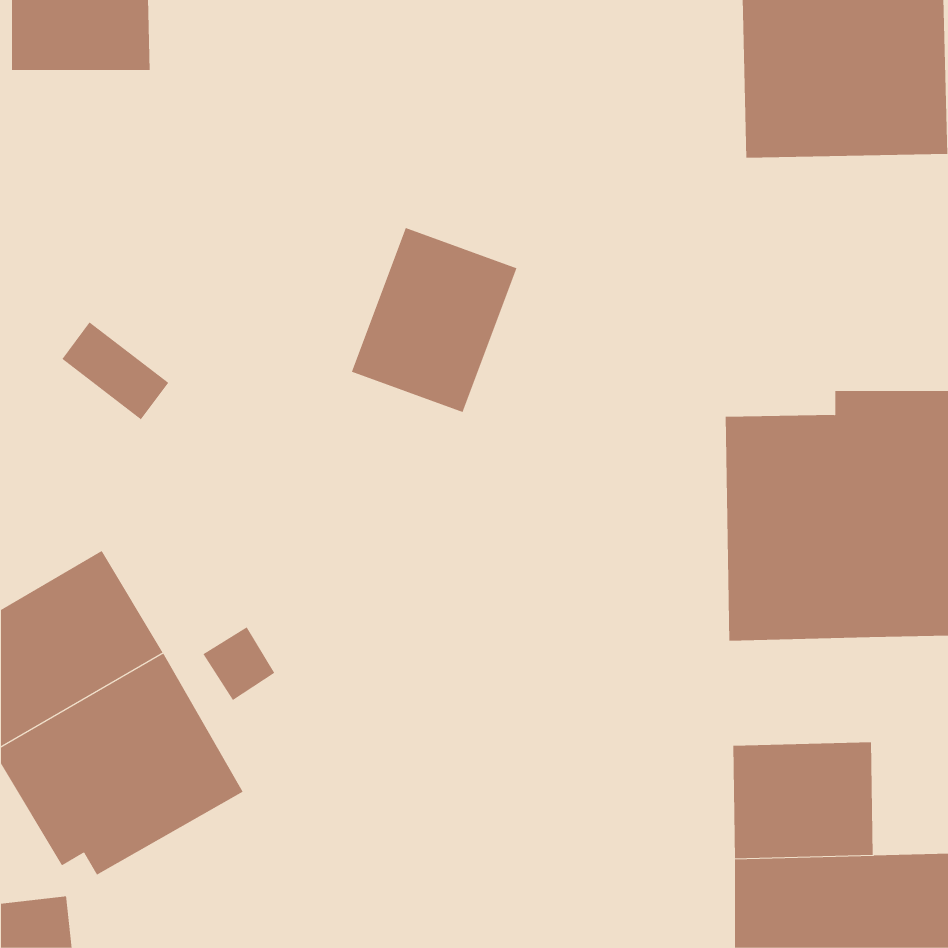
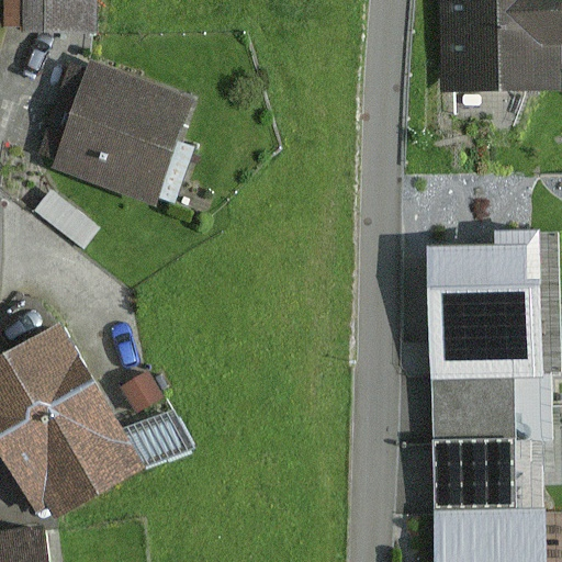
building: none -> [52,63,193,206]
building: [351,227,517,413] -> none
building: none -> [431,376,516,440]

